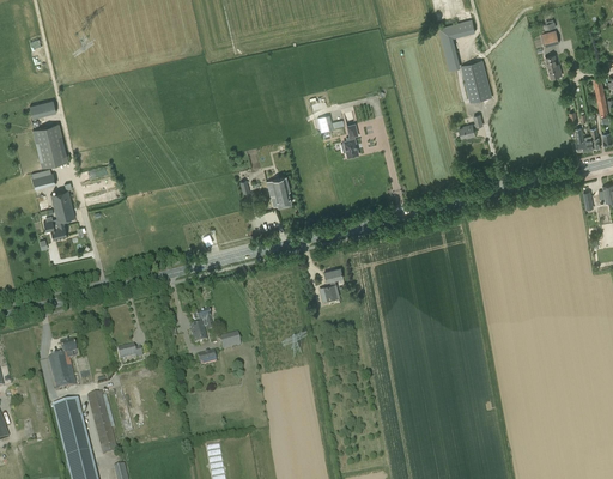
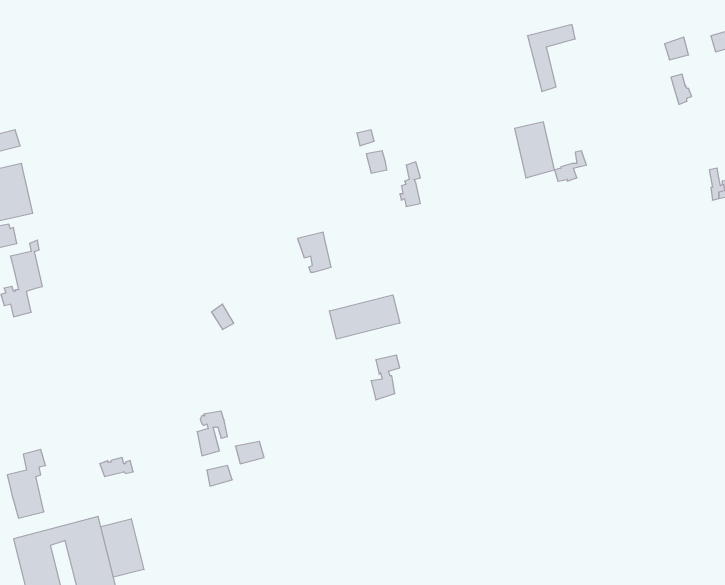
building: [461,61,491,103] -> [515,122,555,178]
building: none -> [329,295,400,339]
building: none -> [101,519,144,577]

